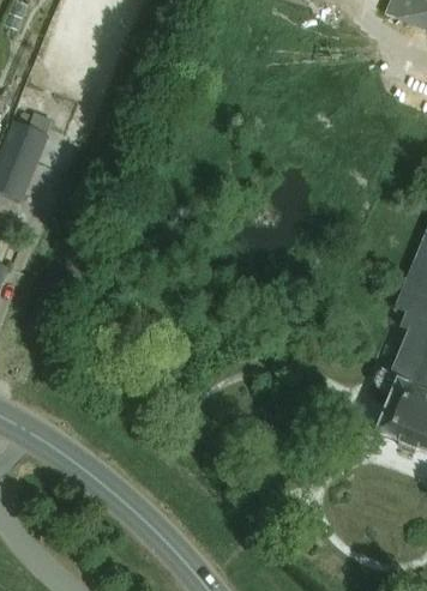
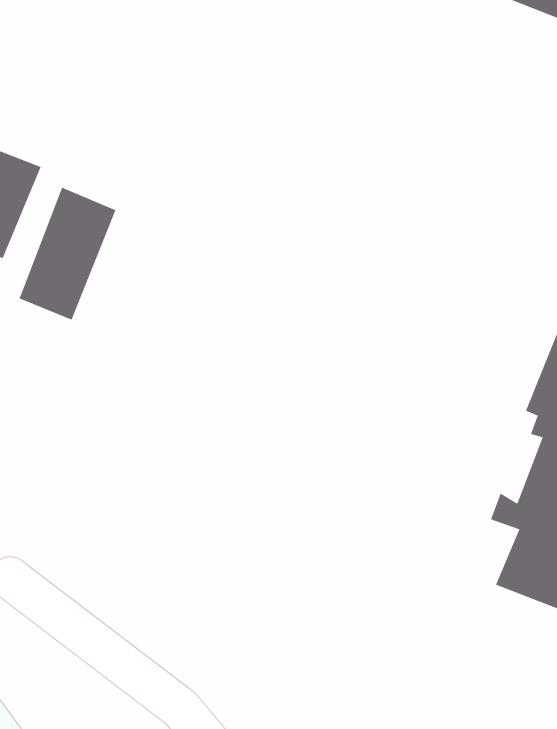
building: none -> [19,187,116,321]

